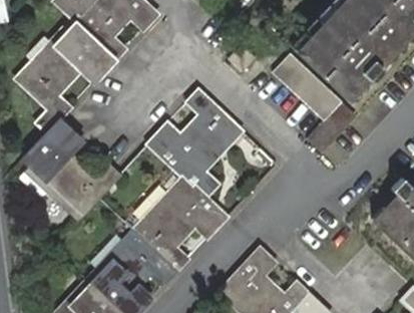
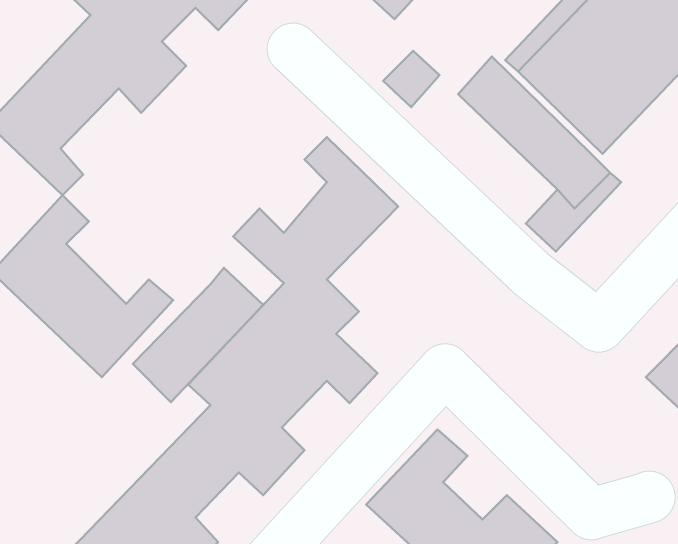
building: none -> [133,268,263,402]

